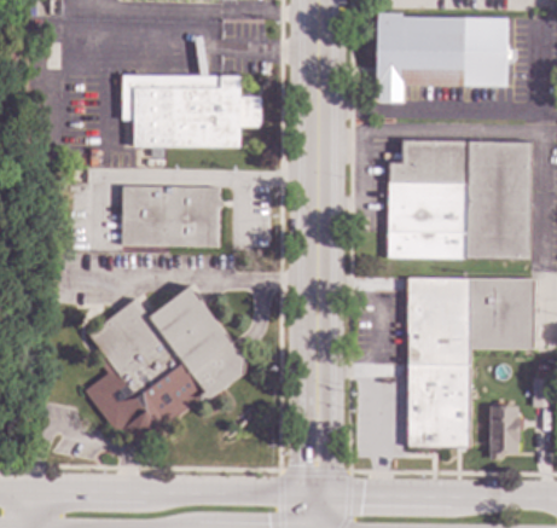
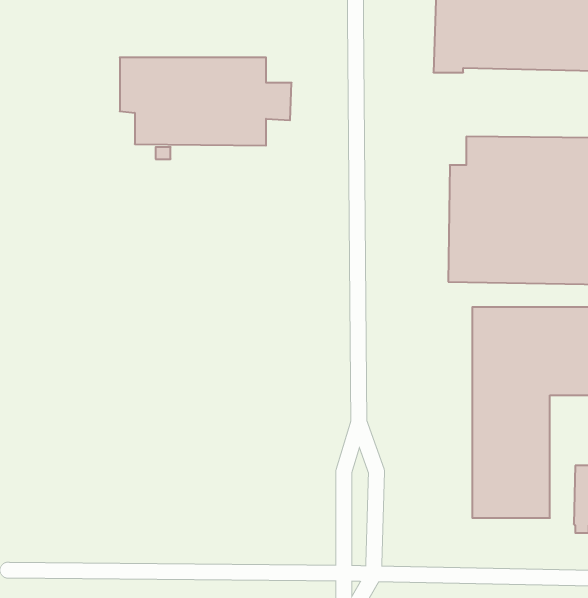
building: [121,185,225,245] -> none
building: [85,285,246,445] -> none

